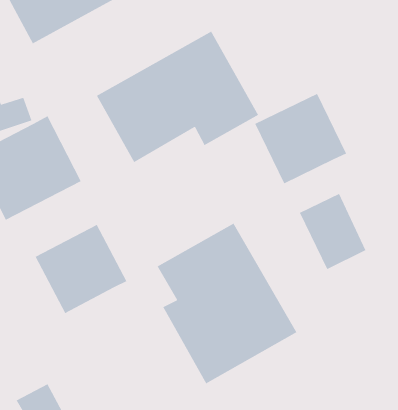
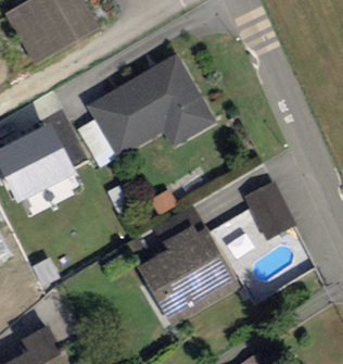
building: [254,93,347,185] -> none
building: [34,224,127,314] -> none

